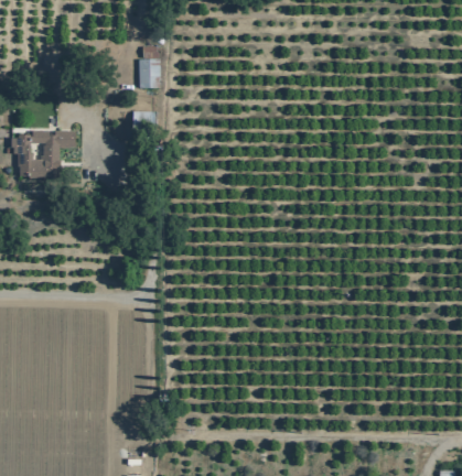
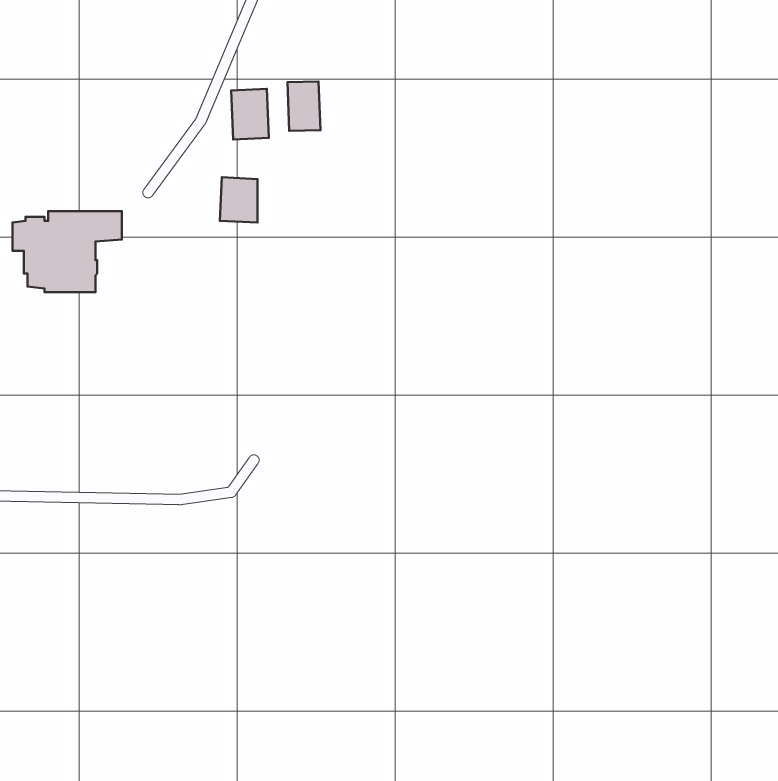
building: none -> [287,82,320,131]

